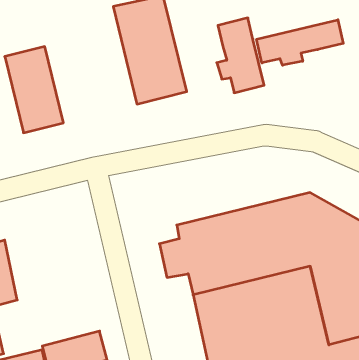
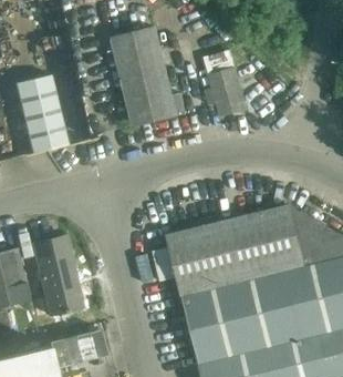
building: [257,20,343,65] -> none
building: none -> [32,237,82,317]

